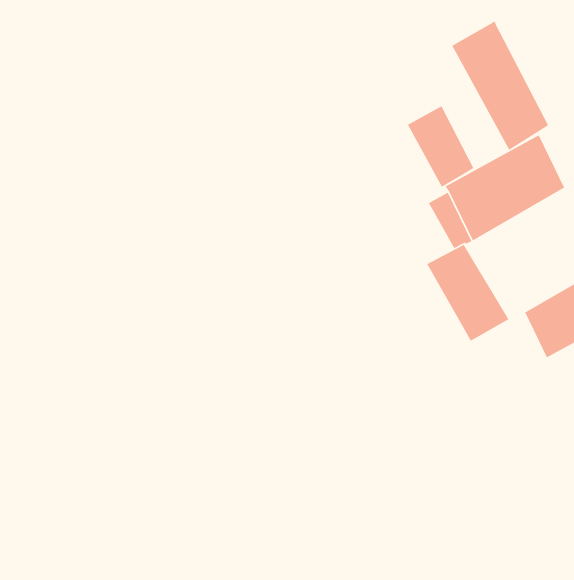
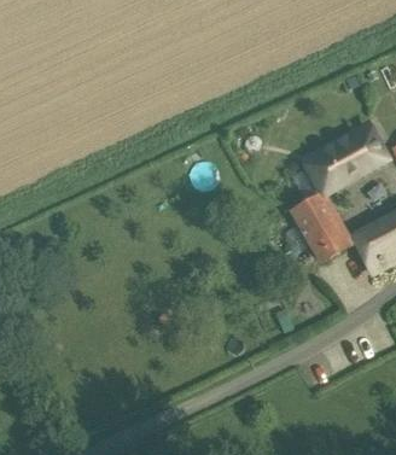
building: [451,21,549,151] -> none
building: [407,105,475,188] -> none

